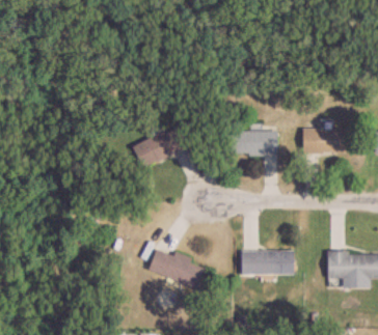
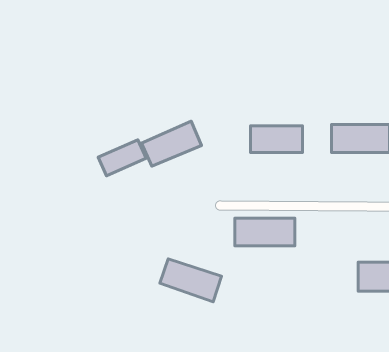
building: none -> [98,140,146,176]
building: [241,250,295,275] -> [235,218,295,246]

